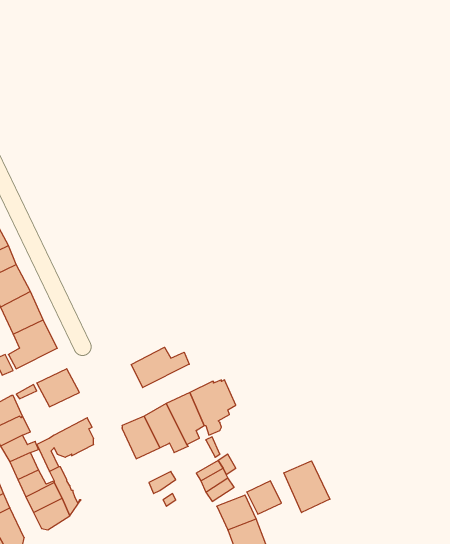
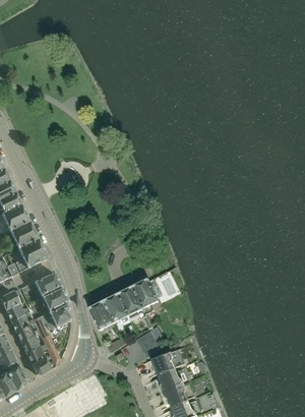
building: [131,347,189,388] -> none
building: none -> [39,287,69,314]
building: [284,461,330,513] -> none

